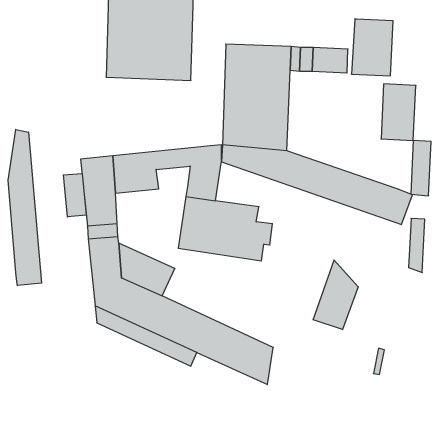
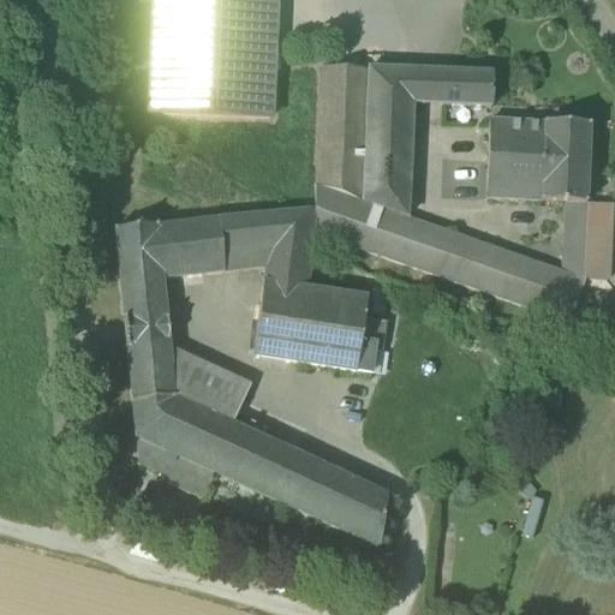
building: [351,19,393,76] -> [486,117,545,197]
building: [8,129,42,286] -> none
building: none -> [223,235,271,268]
building: [63,173,86,217] -> none
building: [409,218,425,273] -> [565,198,587,275]
building: [313,260,358,330] -> none

